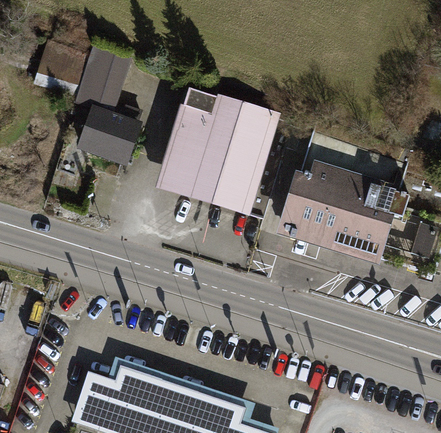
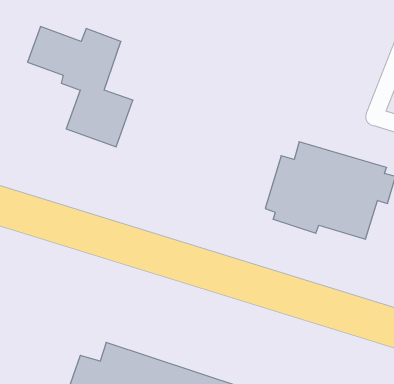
building: [161,91,280,217] -> none

